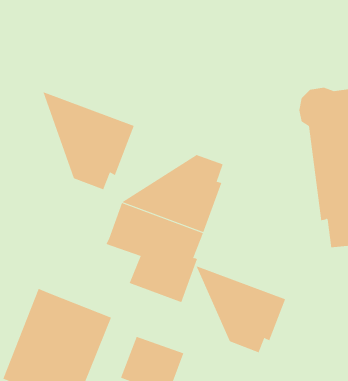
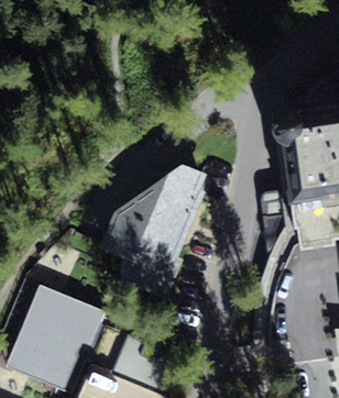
building: [43,91,134,190] -> none
building: [196,265,286,353] -> none

